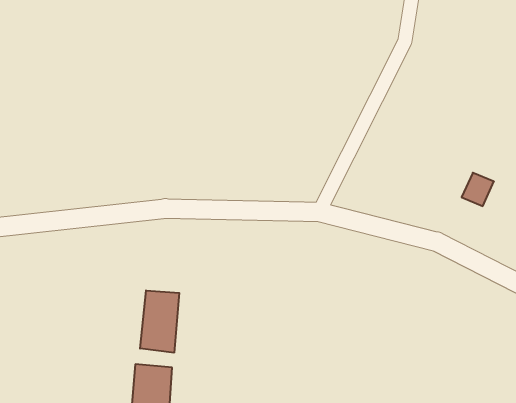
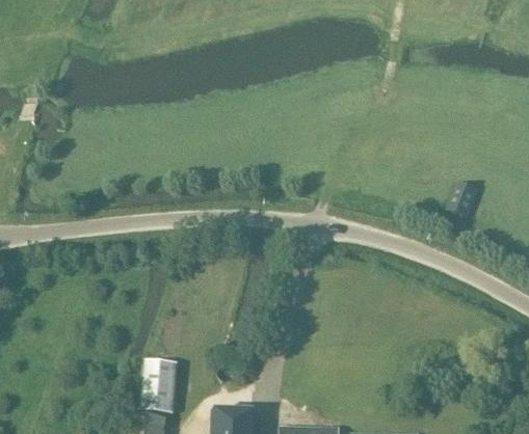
building: [140,290,179,353] -> none

